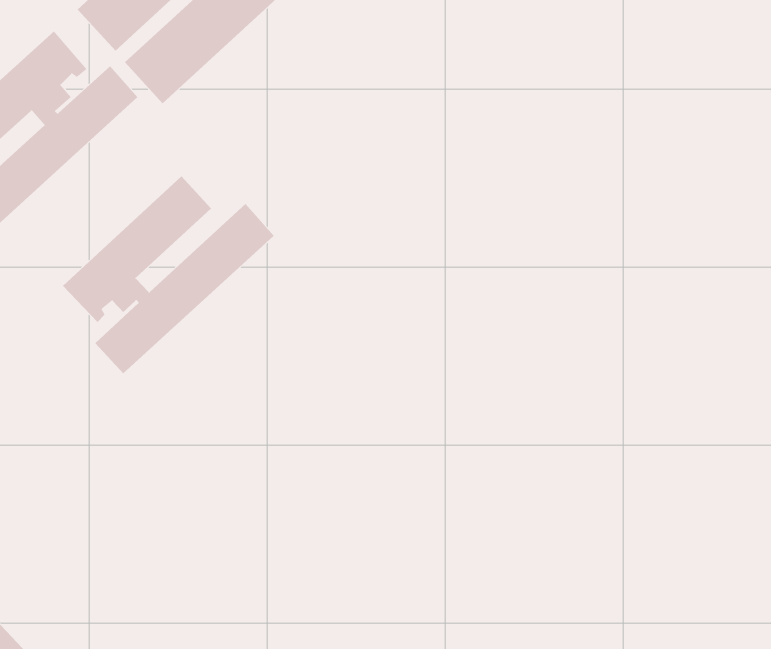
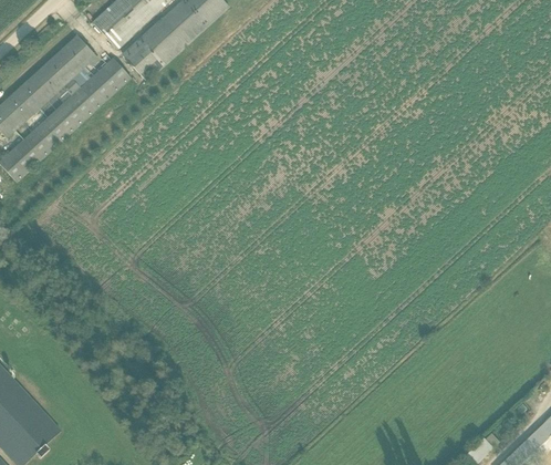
building: [62,175,274,374] -> none

